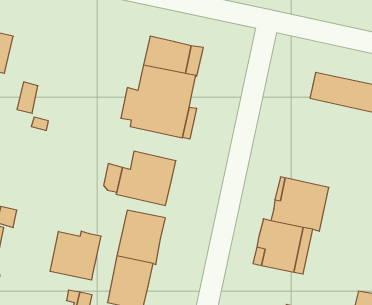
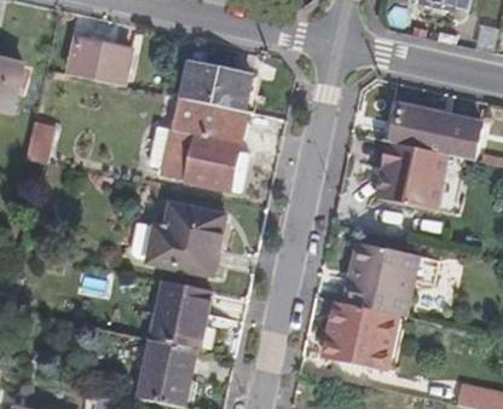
building: none -> [65,33,126,80]
building: none -> [377,137,449,204]
building: [50,231,101,280] -> none

